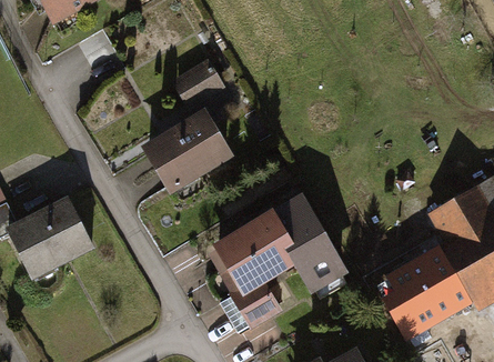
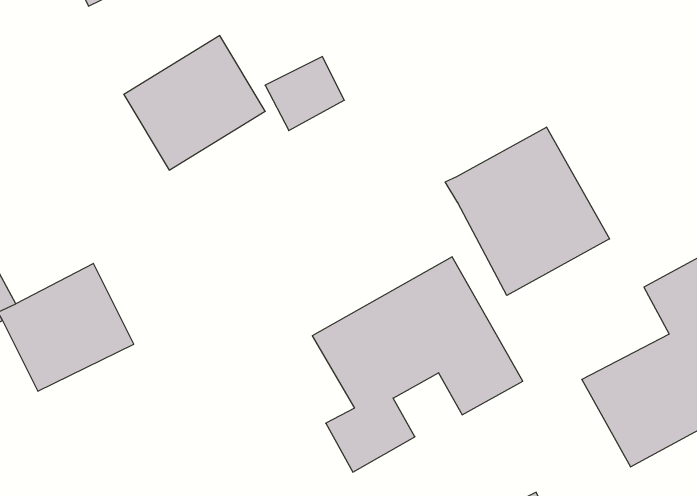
building: none -> [445,127,610,295]
building: [137,109,230,198] -> [124,36,265,170]

